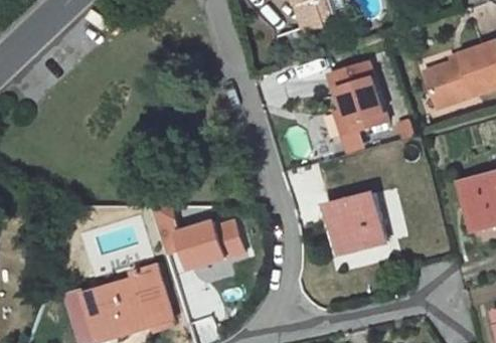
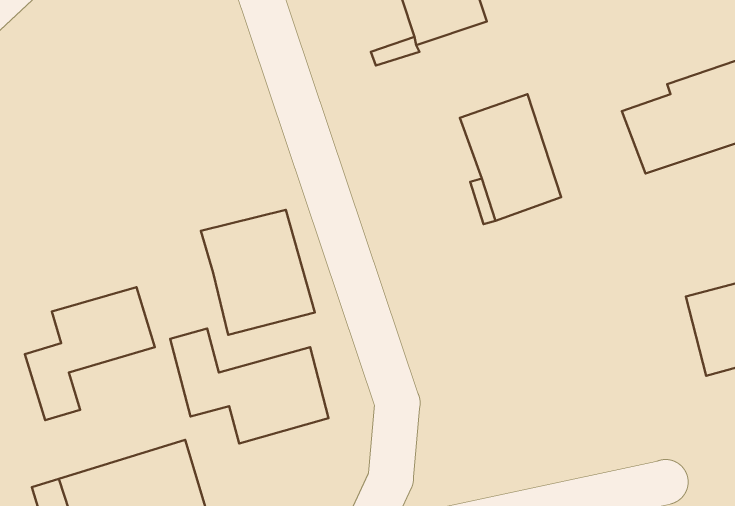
building: none -> [201,210,315,335]
building: none -> [25,287,155,420]
building: [325,191,387,251] -> none

